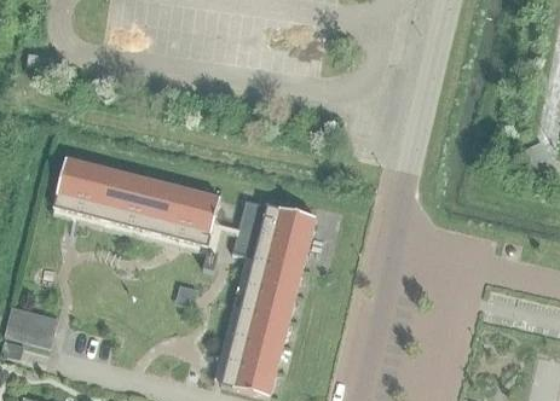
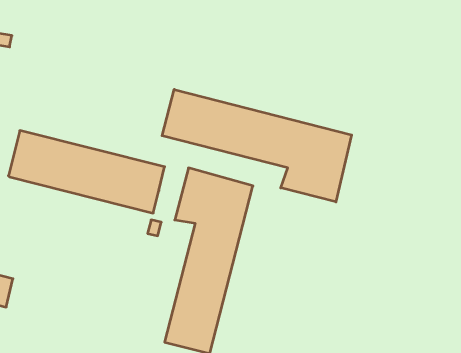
building: none -> [162,89,352,202]

